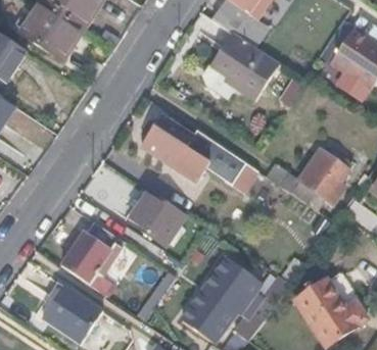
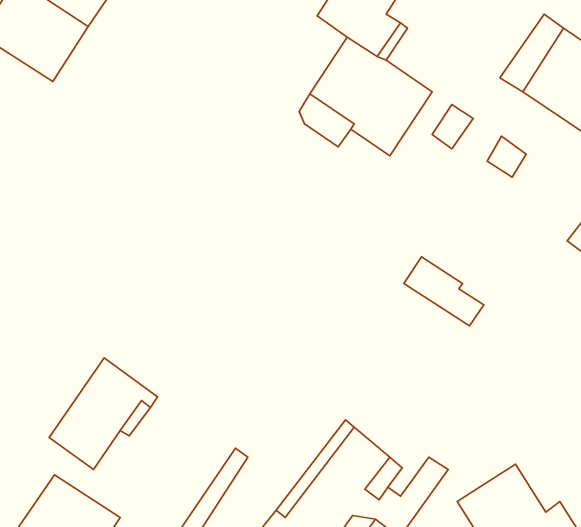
building: [142,115,261,194] -> none
building: [296,138,351,198] -> none
building: [128,188,183,242] -> none

